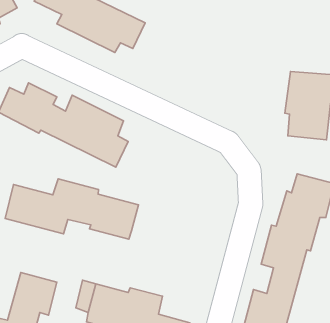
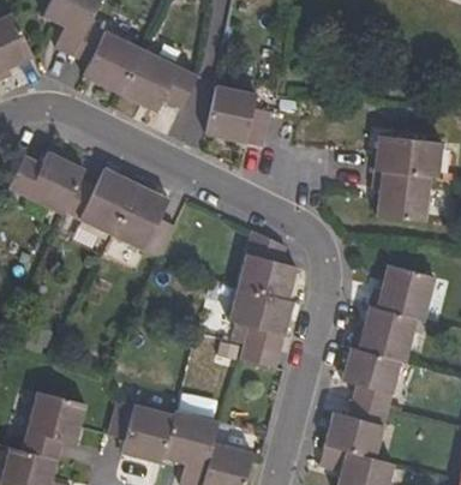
building: none -> [204,85,269,148]
building: none -> [229,229,297,367]
building: [5,179,138,239] -> none

